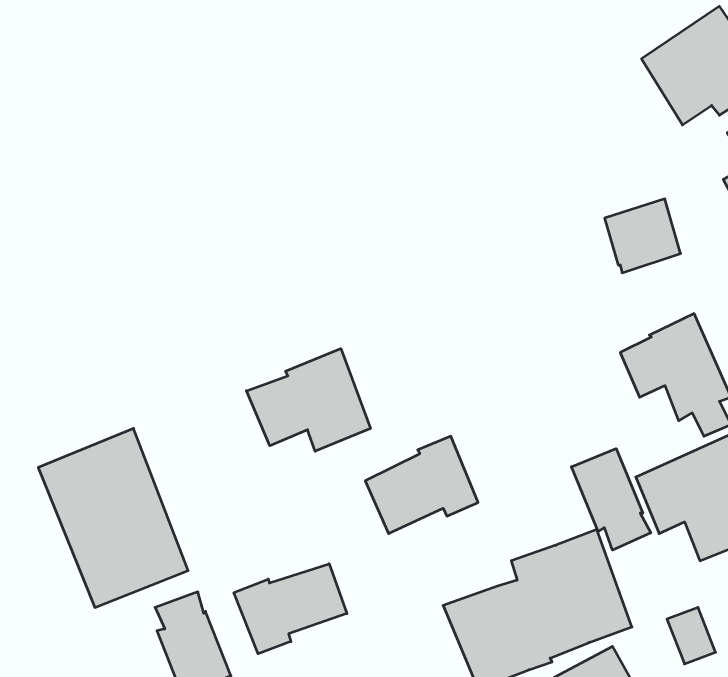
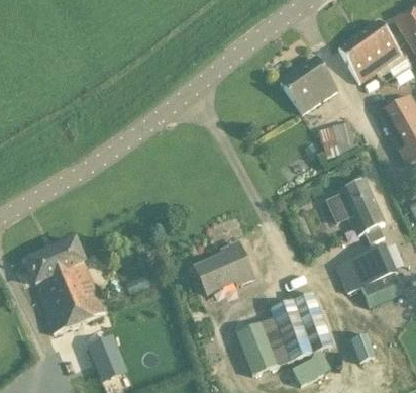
building: none -> [280,57,337,113]
building: [246,349,370,451] -> none
building: [571,449,651,550] -> none
building: [234,564,347,654] -> none

